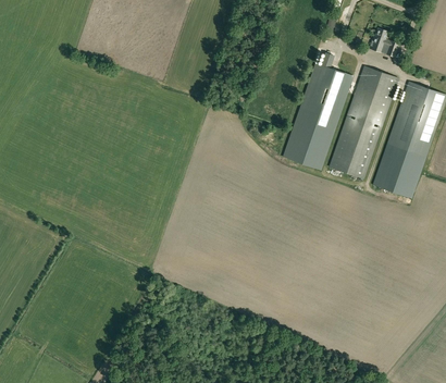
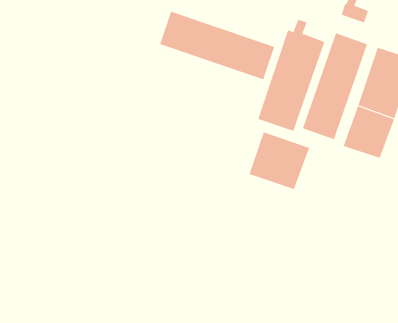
building: none -> [160,11,275,80]
building: none -> [249,131,310,190]

